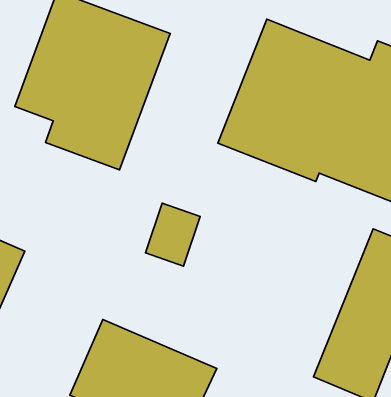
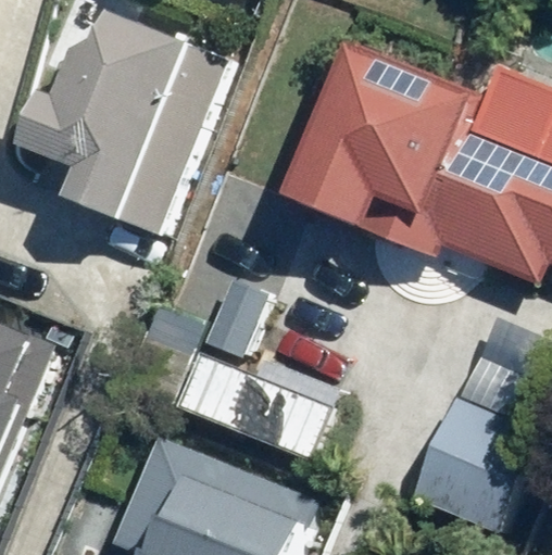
building: none -> [176,353,342,462]

